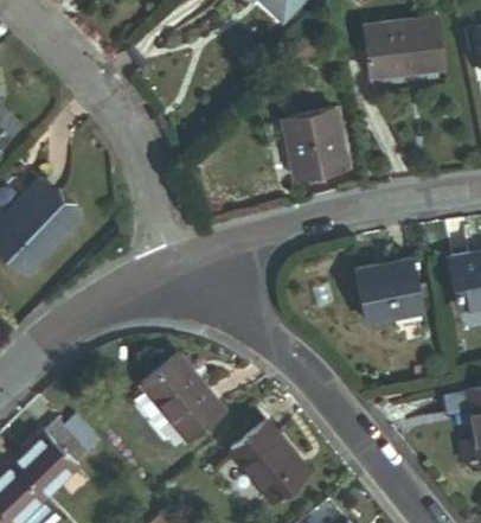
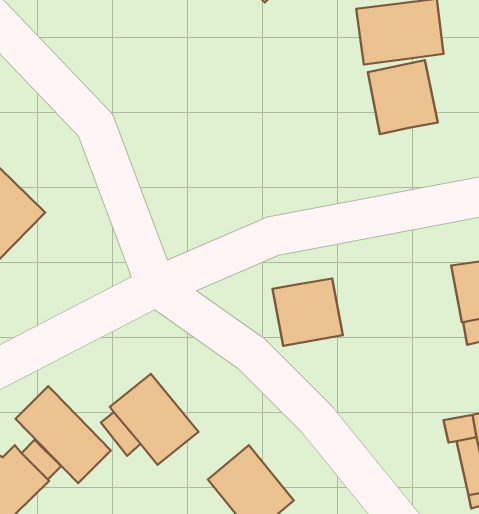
building: [282,113,345,179] -> [368,60,438,134]
building: [358,263,421,324] -> [273,278,343,346]
building: none -> [16,386,111,483]

